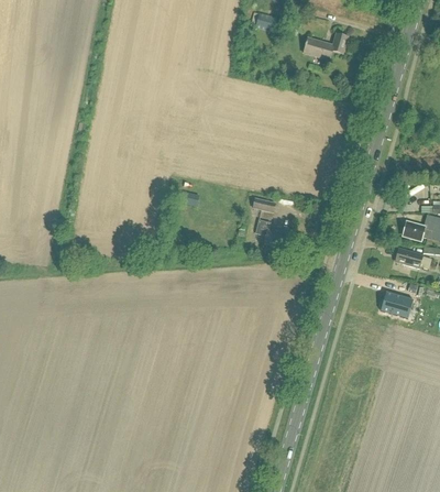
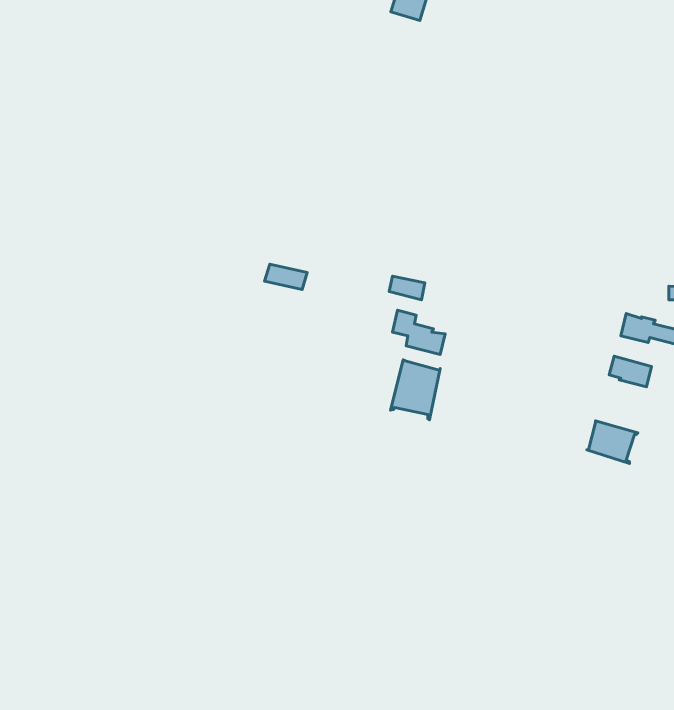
building: [304,32,348,58] -> none
building: none -> [391,360,440,420]

